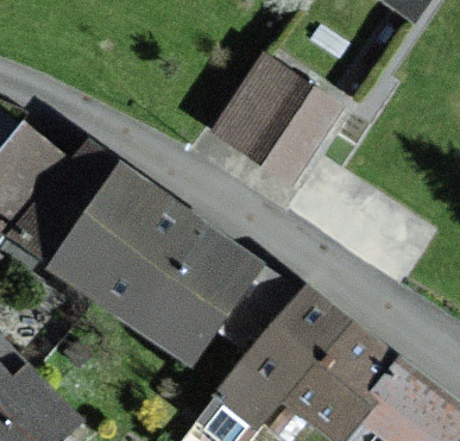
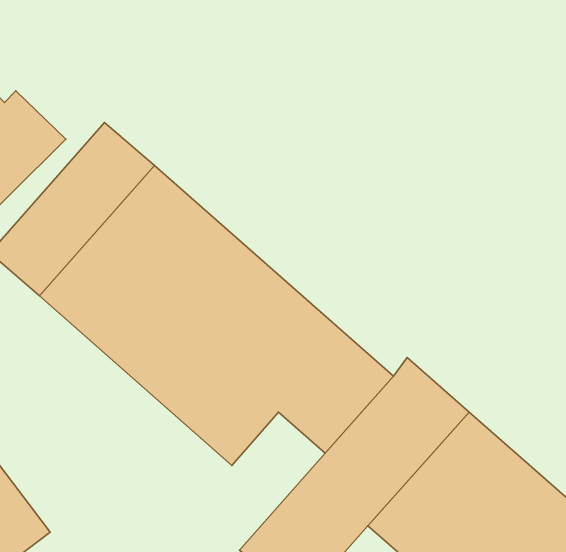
building: [216,63,338,184] -> none

